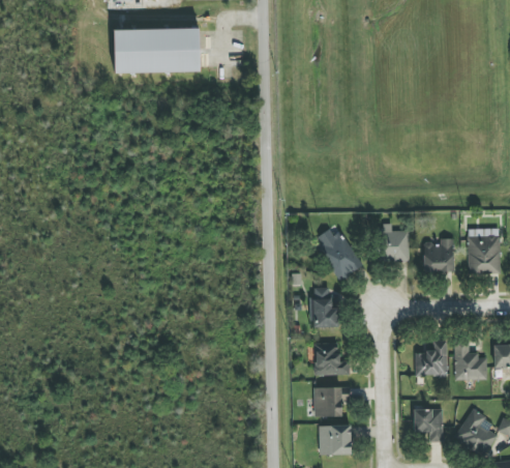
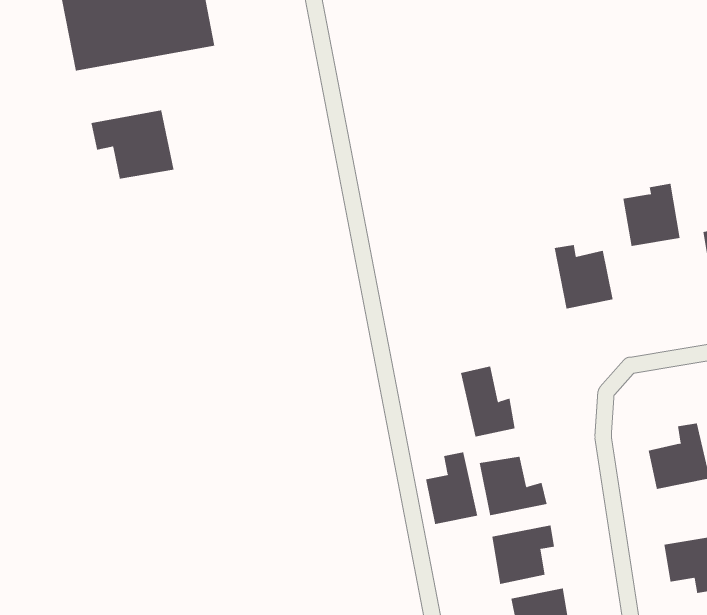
building: none -> [91,110,174,179]
building: [311,230,363,281] -> none
building: [423,238,453,271] -> [623,183,680,246]
building: none -> [426,452,478,525]

